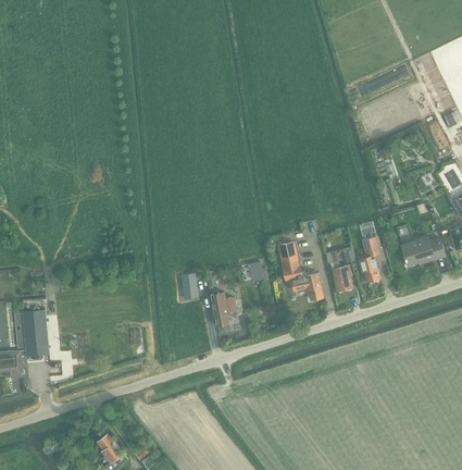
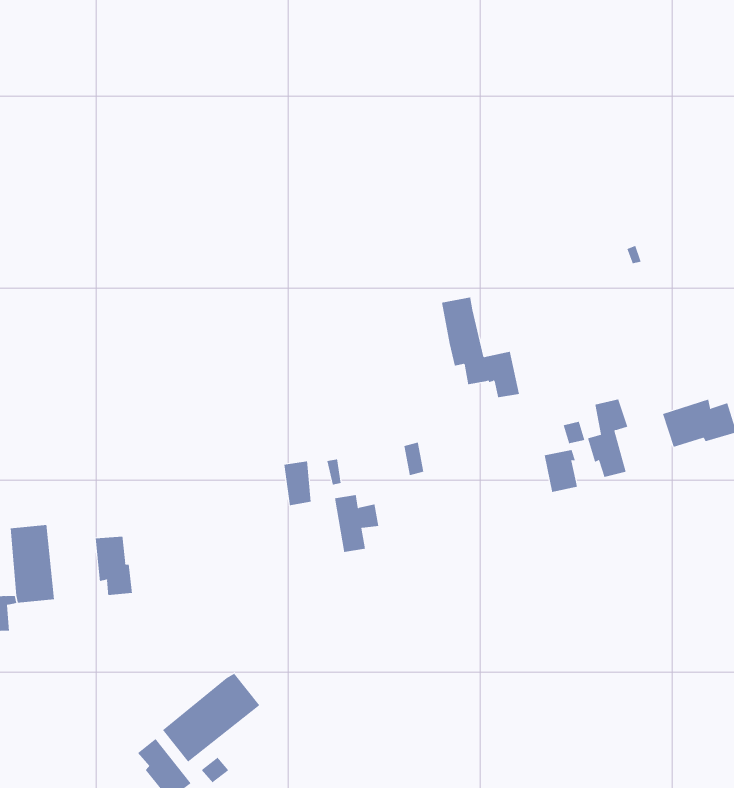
building: [277,240,323,299] -> [441,297,520,398]
building: none -> [95,536,132,596]
building: none -> [162,673,260,762]

